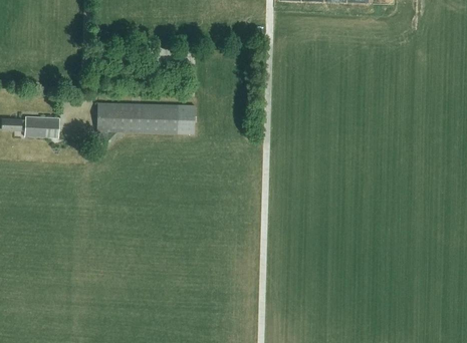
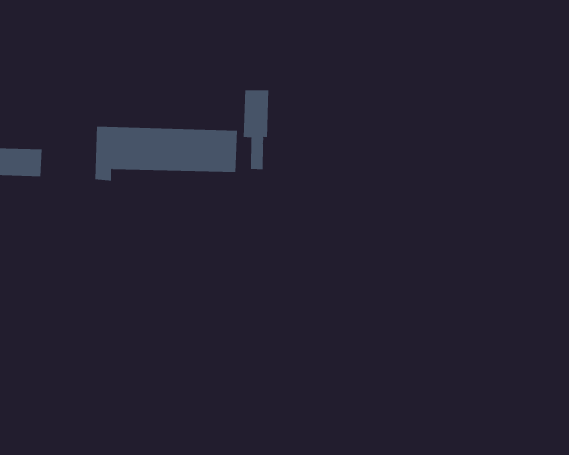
building: none -> [243,89,269,170]

